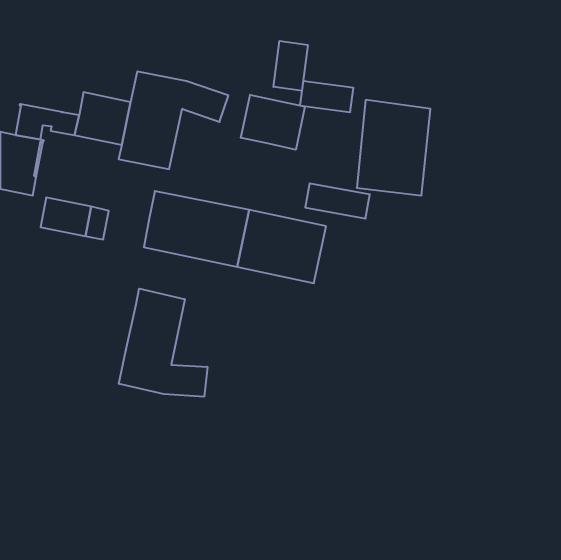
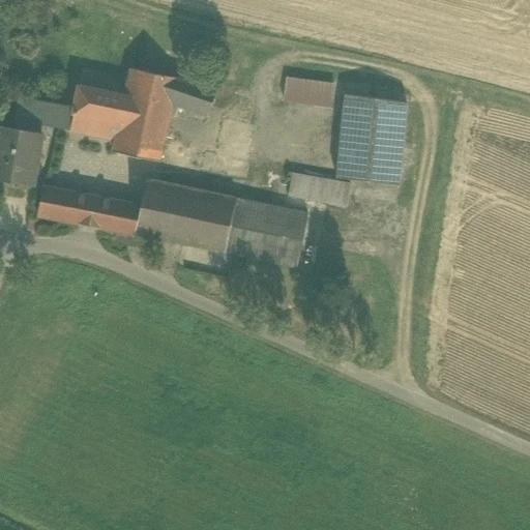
building: [273,41,308,91] -> none
building: [241,95,305,150] -> none
building: none -> [97,199,141,233]
building: [119,289,207,397] -> none

